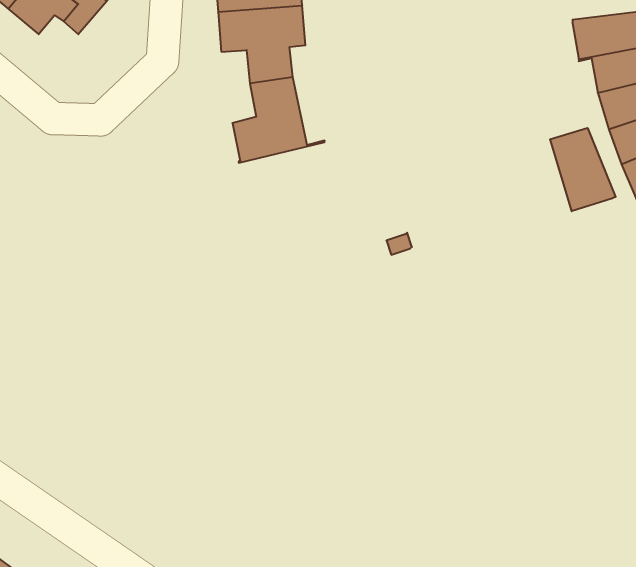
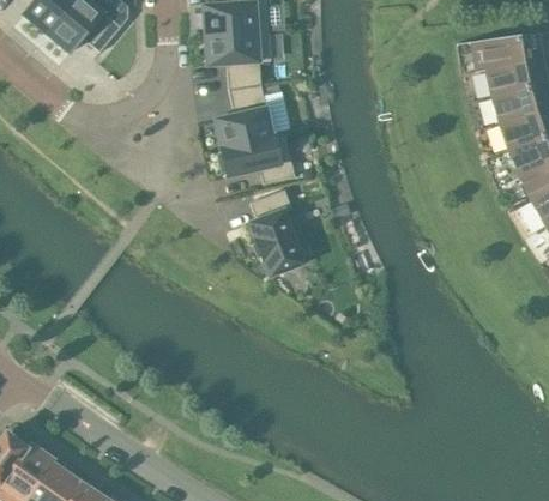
building: [550,128,616,211] -> none
building: none -> [217,134,295,185]
building: none -> [249,191,303,277]

